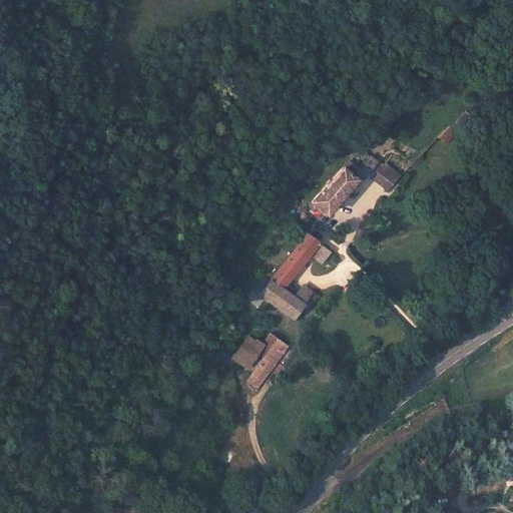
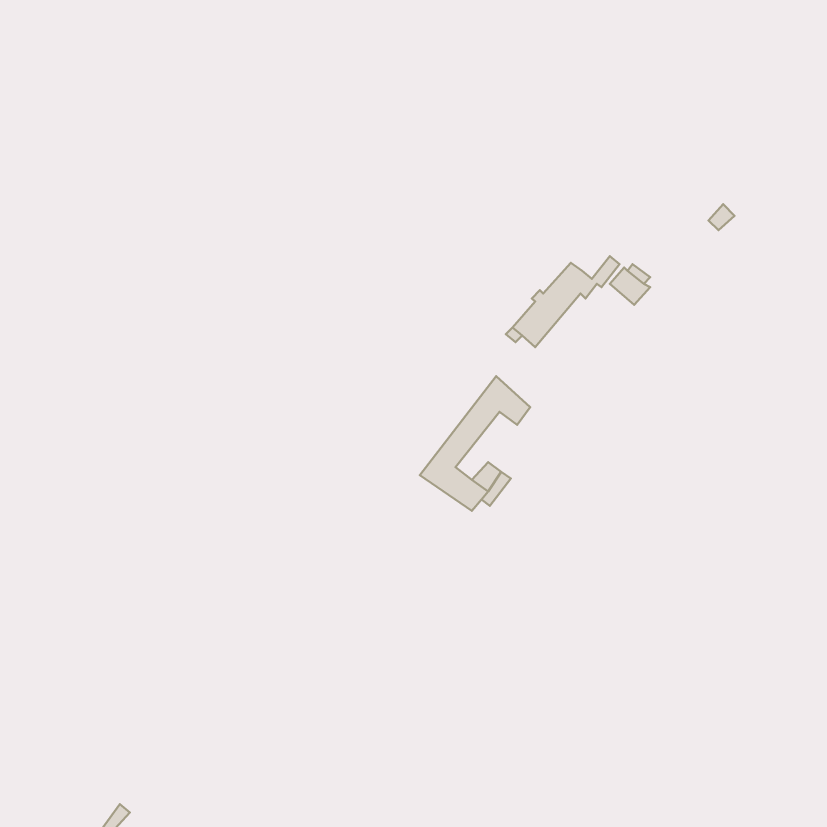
building: [232,334,287,389] -> none

